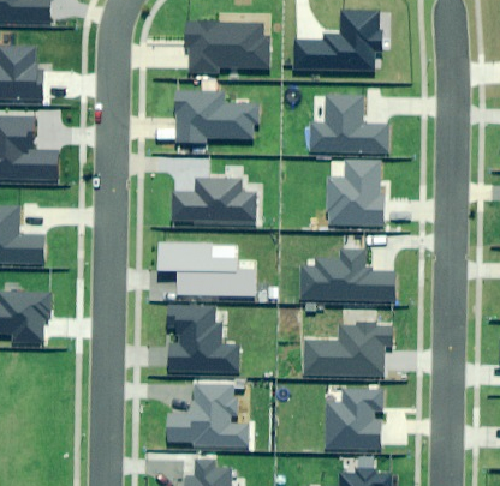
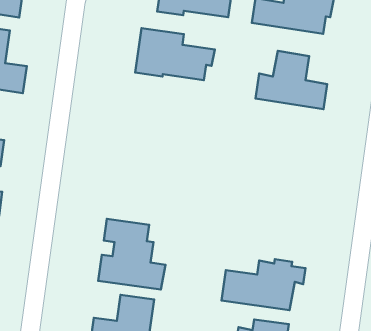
building: [328,160,382,226] -> none
building: [172,178,255,222] -> none
building: [157,242,255,294] -> none
building: [299,250,393,299] -> none

